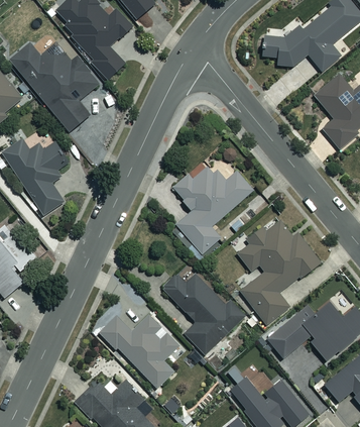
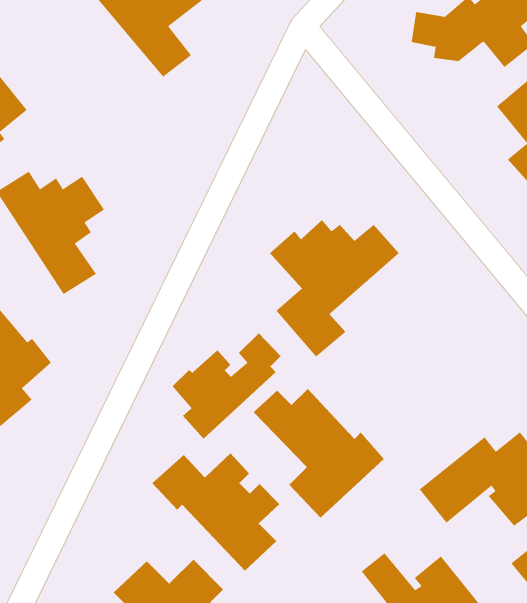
building: [10,38,99,131] -> none
building: [237,220,320,324] -> none
building: none -> [172,333,281,440]

